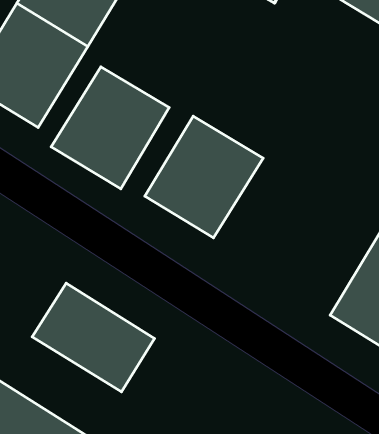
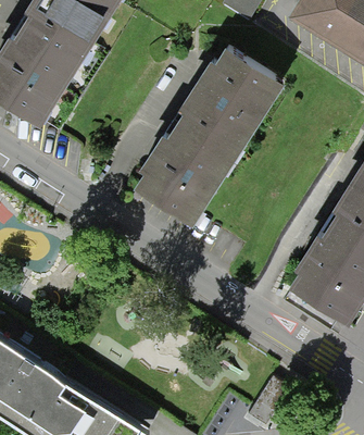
building: [51,67,169,189] -> [175,49,276,153]
building: [32,283,154,392] -> none

